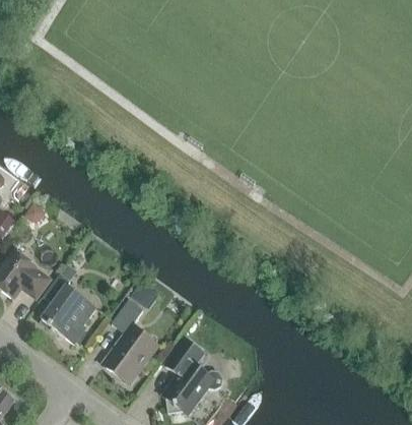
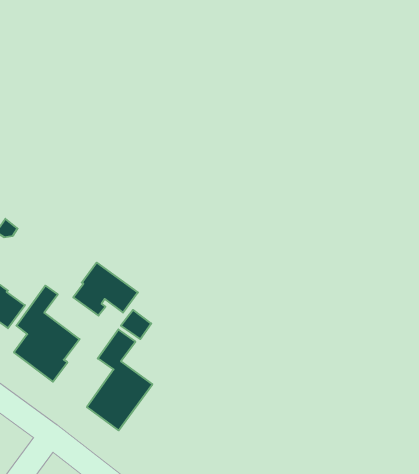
building: none -> [73,263,138,316]
building: [161,338,222,415] -> none

